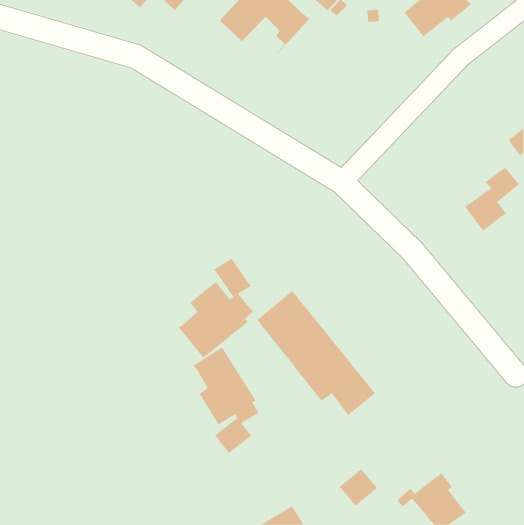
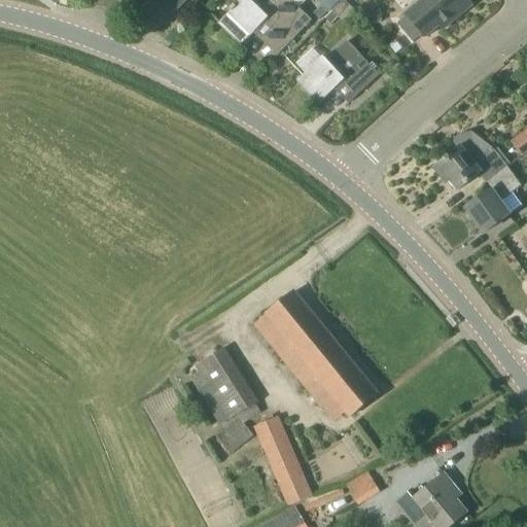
building: none -> [295,40,378,103]
building: none -> [433,132,505,189]
building: [178,258,254,359] -> none
building: none -> [252,416,311,505]

